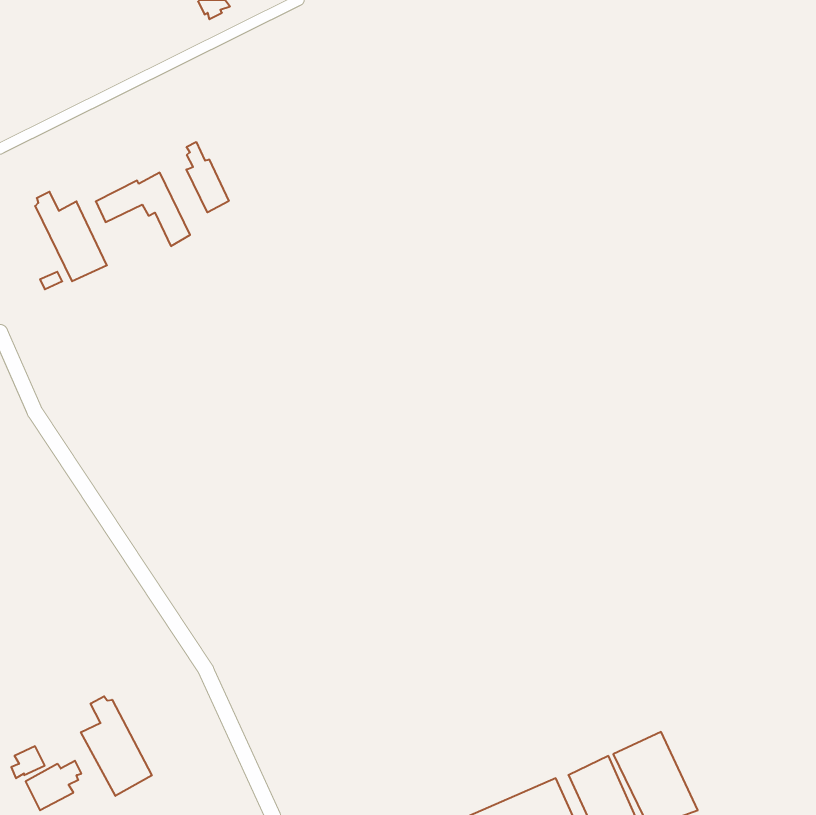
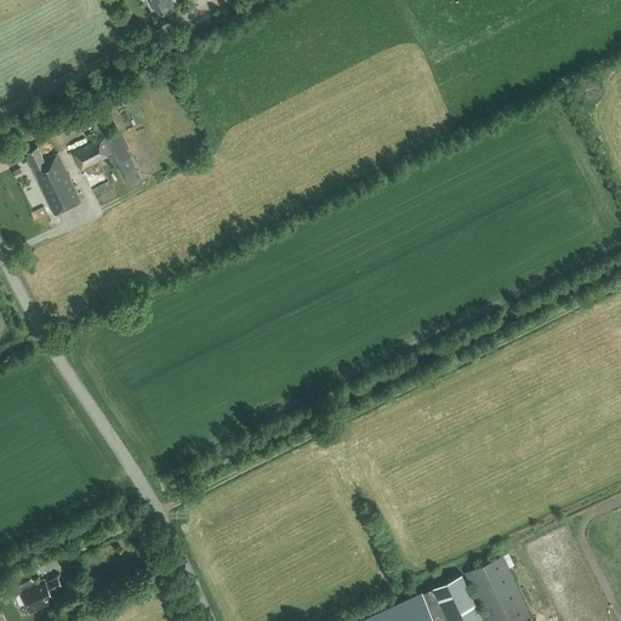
building: [186,142,229,212] -> none
building: [81,696,152,796] -> none

